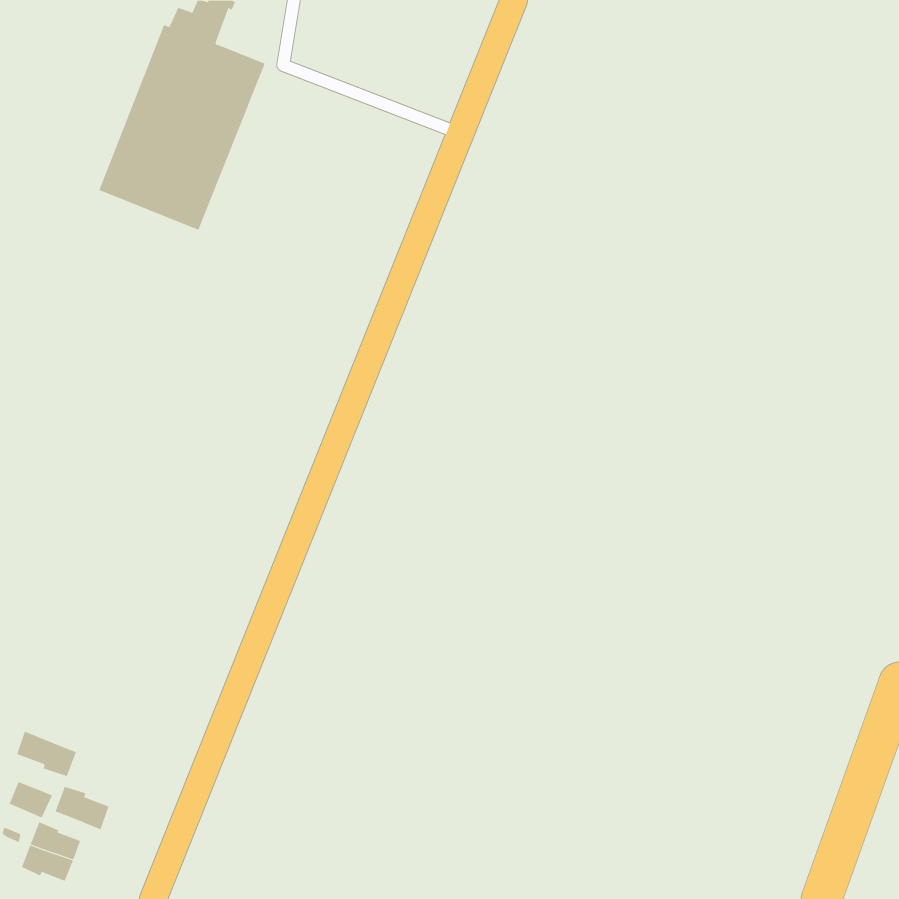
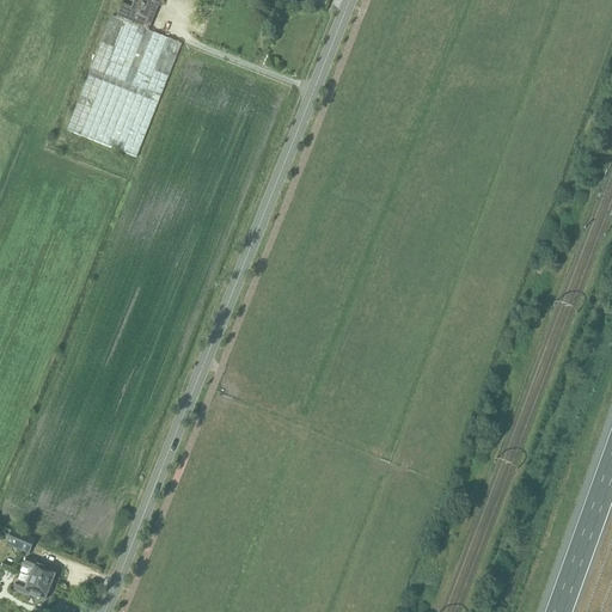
building: [16,731,77,777] -> none
building: [55,786,109,830] -> none

